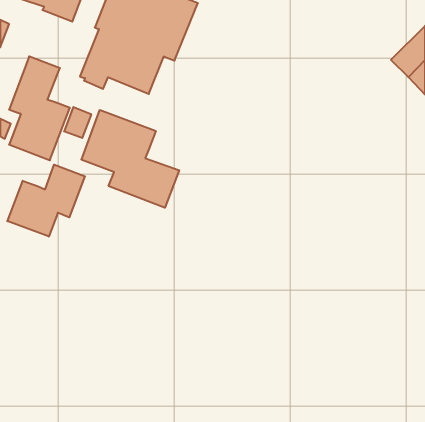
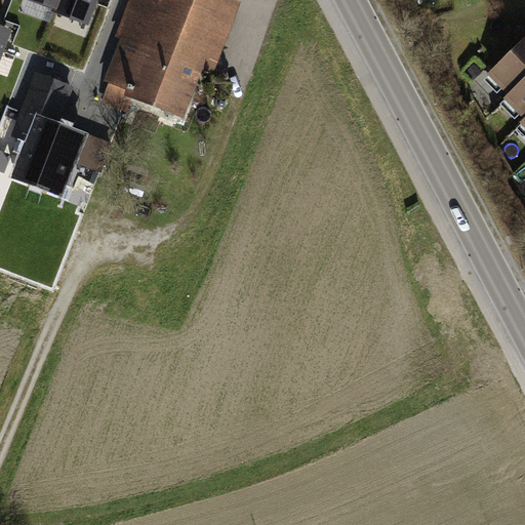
building: [81,110,179,208] -> none
building: [7,165,85,237] -> none

